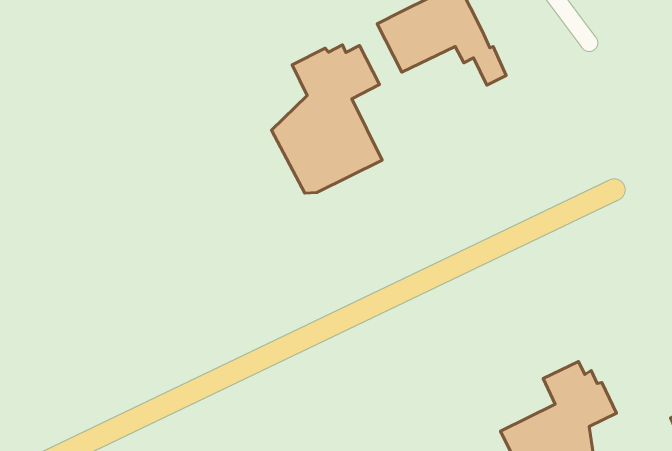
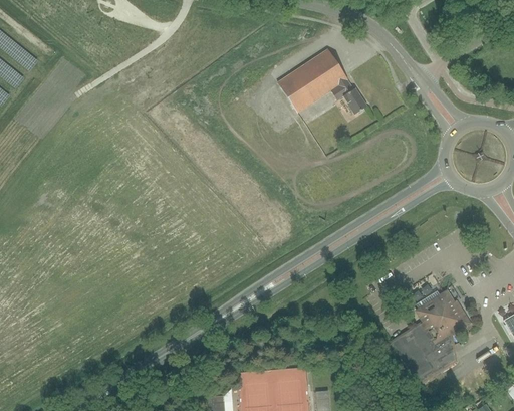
building: [272,45,382,193] -> none

